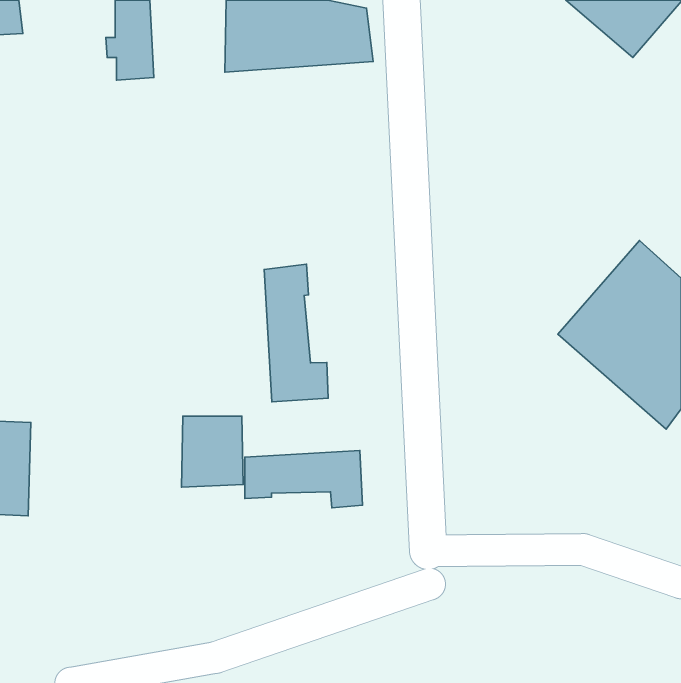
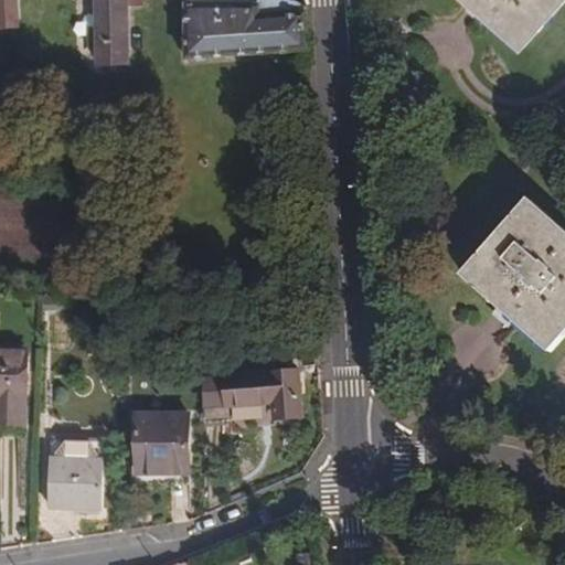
building: [264,264,328,402] -> none
building: [182,416,243,487] -> [136,416,186,475]
building: none -> [47,439,105,510]

